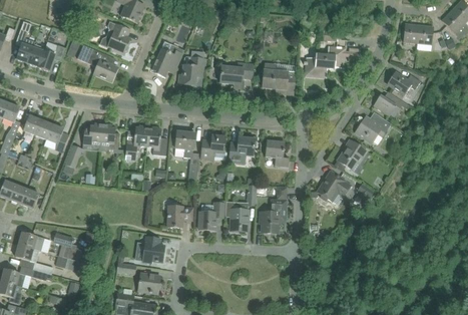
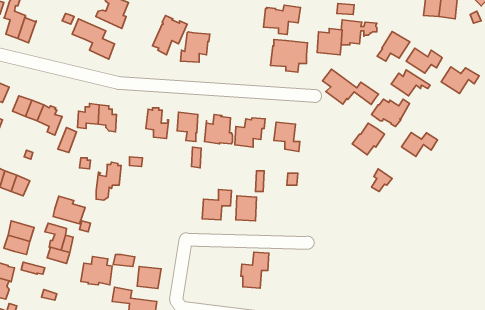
building: [38,44,66,70] -> none
building: none -> [377,32,410,61]
building: [219,62,254,89] -> [263,5,300,35]
building: none -> [441,67,479,94]
building: none -> [322,69,379,104]
building: [125,124,148,160] -> [96,162,121,200]
building: none -> [402,133,438,156]
building: [317,170,351,201] -> none
building: [260,200,286,233] -> [241,252,269,288]
building: [167,205,192,227] -> none
building: none -> [53,196,85,224]
building: [135,236,164,262] -> [81,256,112,285]

